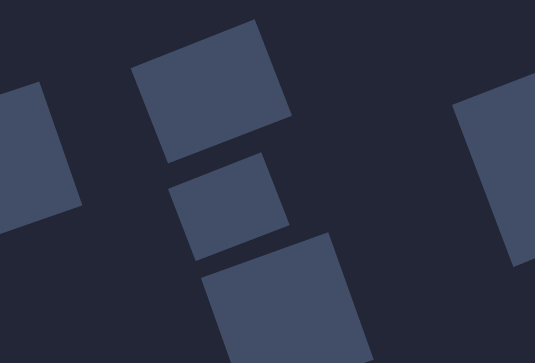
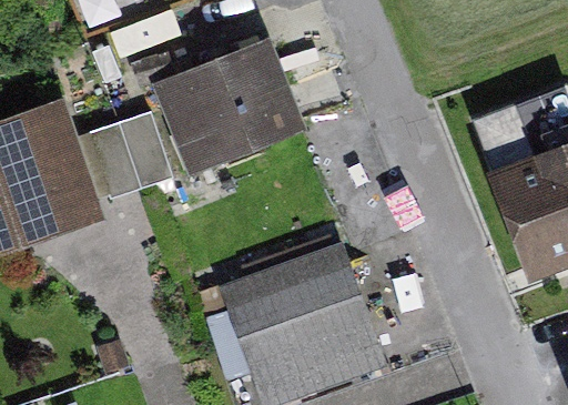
building: none -> [81,110,172,196]
building: [167,151,291,262] -> none

